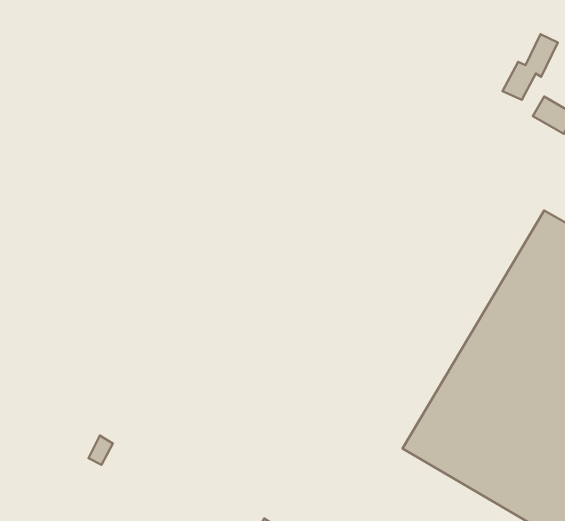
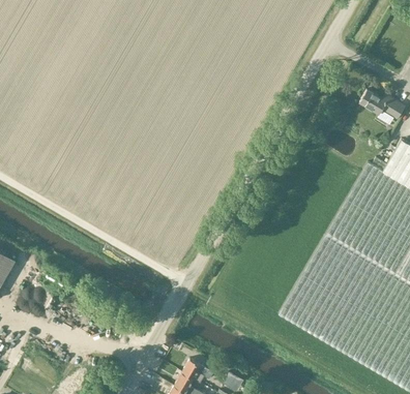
building: [502,34,558,100] -> none

